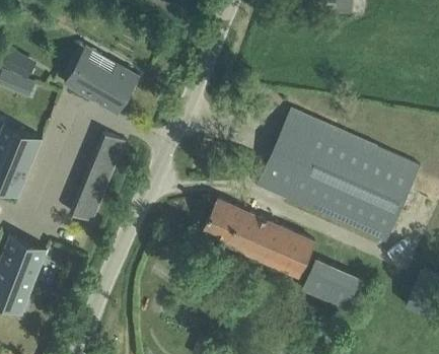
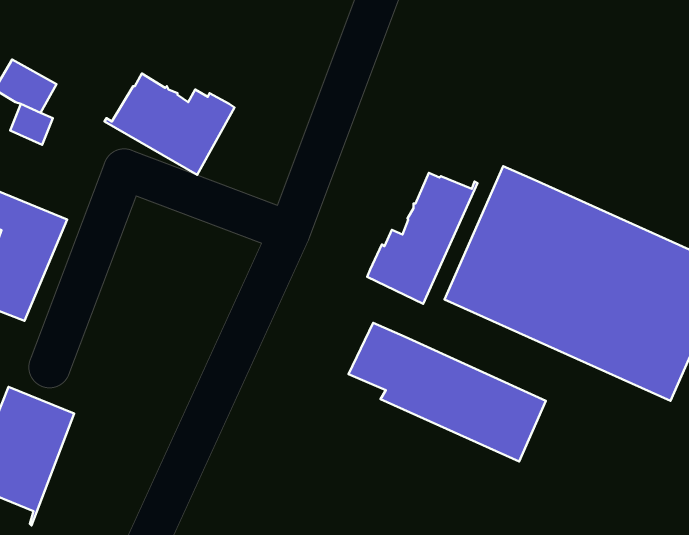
building: none -> [367,173,477,304]
building: [73,129,129,221] -> none
building: [301,258,360,310] -> none

